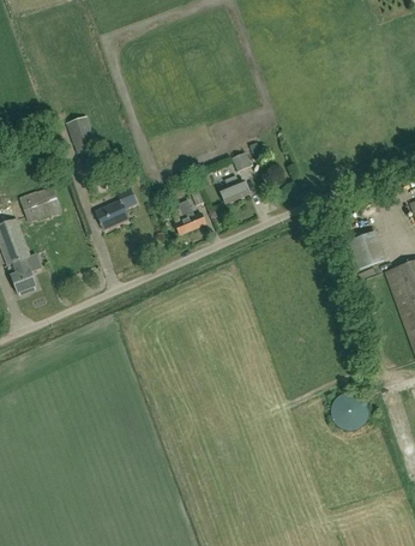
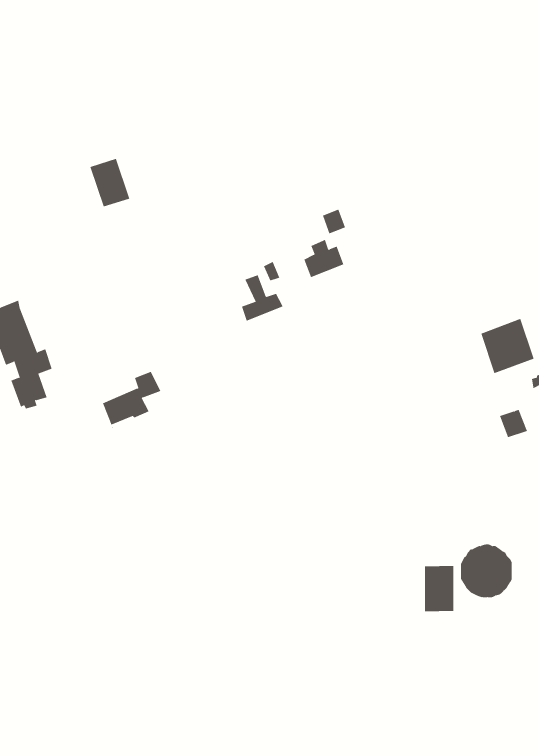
building: [19,186,61,220] -> none
building: [95,187,137,228] -> [102,371,161,428]
building: none -> [424,565,454,612]

